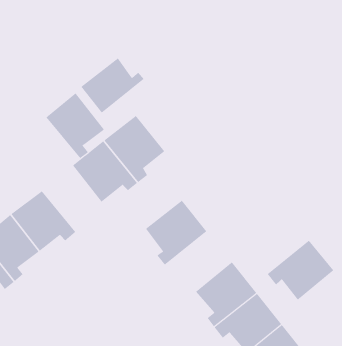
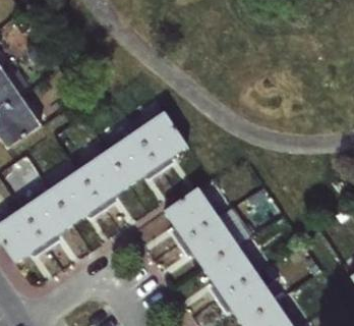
building: [81,58,144,113] -> none
building: [46,92,105,159] -> [78,150,128,207]
building: [267,240,334,300] -> [178,215,236,266]

